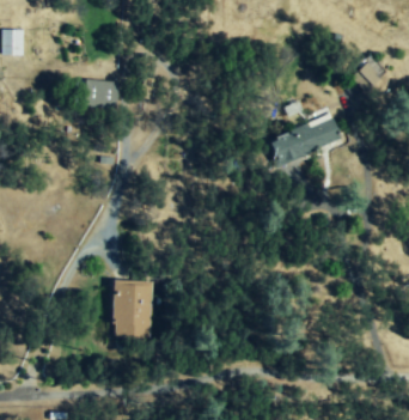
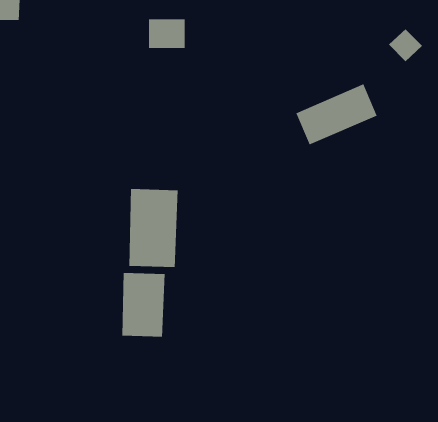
building: [85,80,118,106] -> [148,19,186,48]
building: none -> [129,188,178,268]

